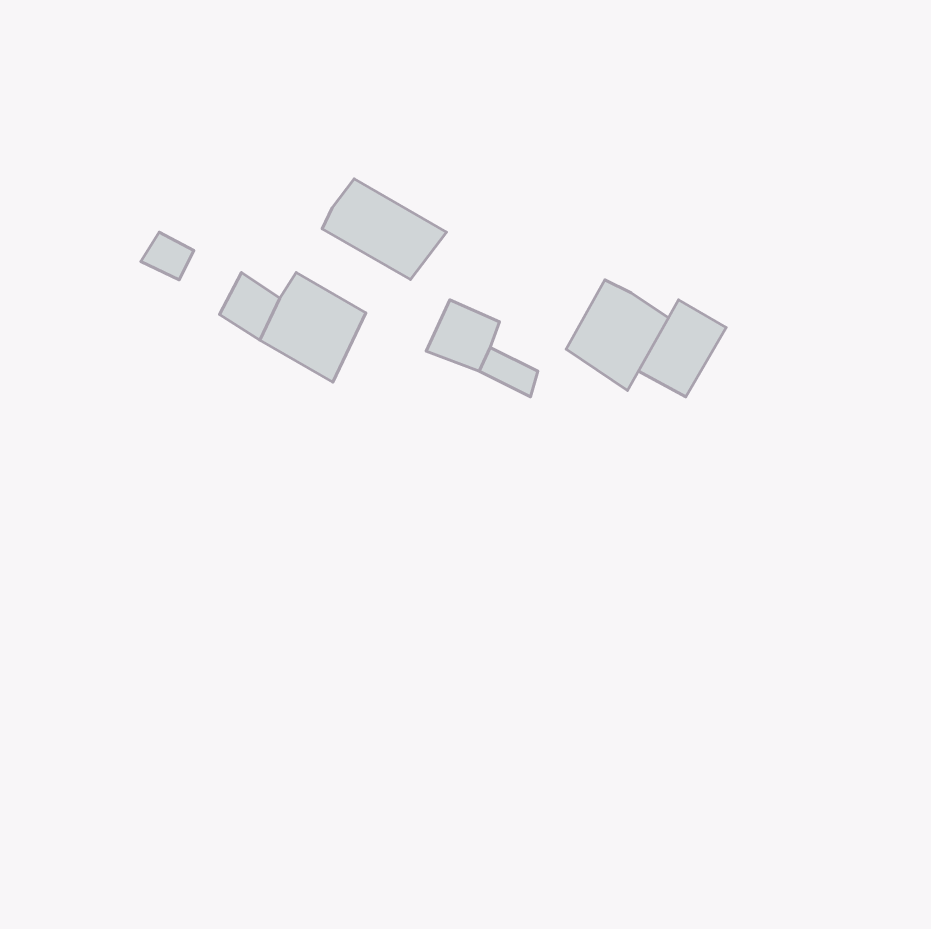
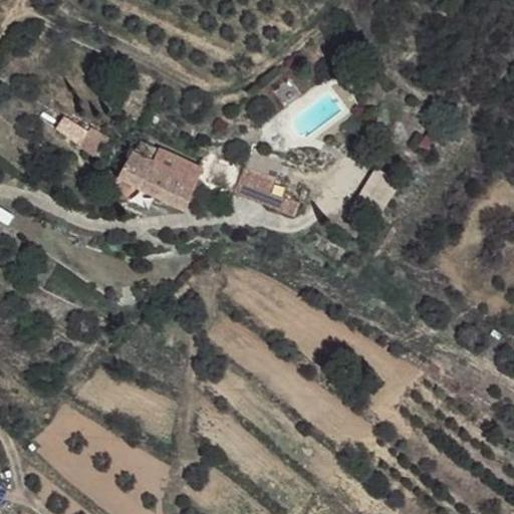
building: [322,179,447,279] -> none
building: [566,280,668,391] -> none

